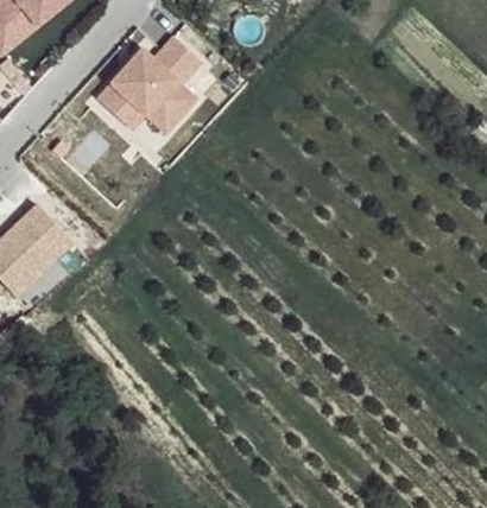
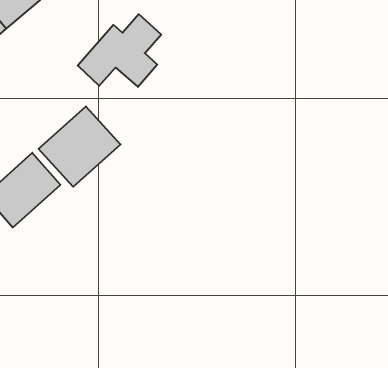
building: none -> [39,106,121,187]

